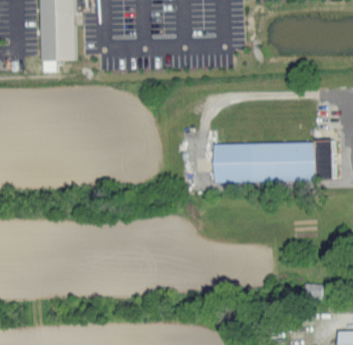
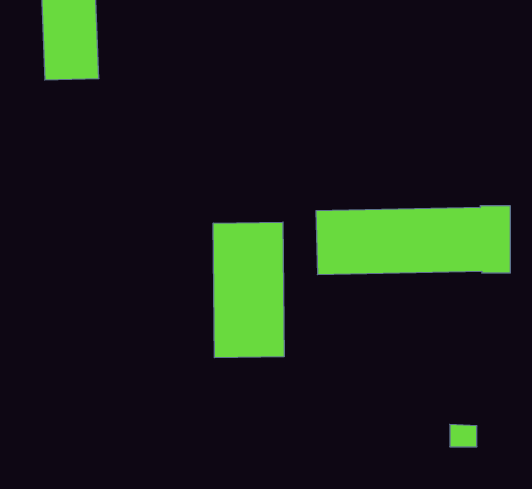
building: none -> [213,222,284,358]

